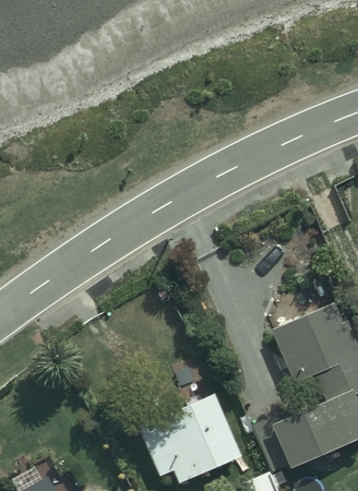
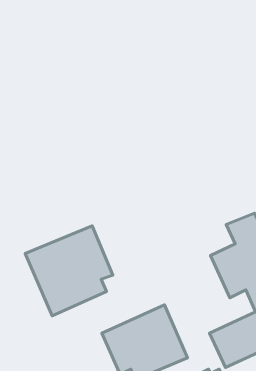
building: none -> [25,226,113,316]

